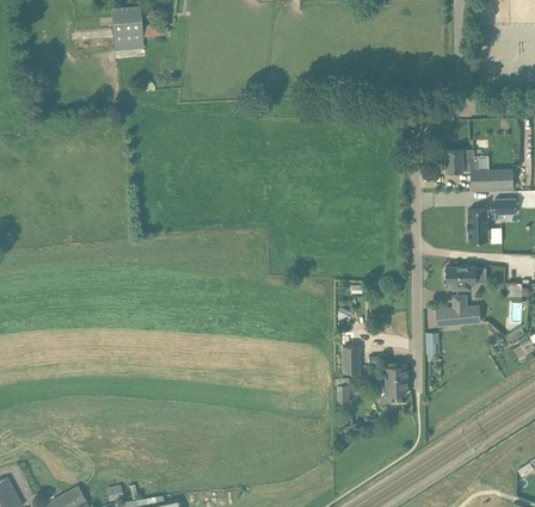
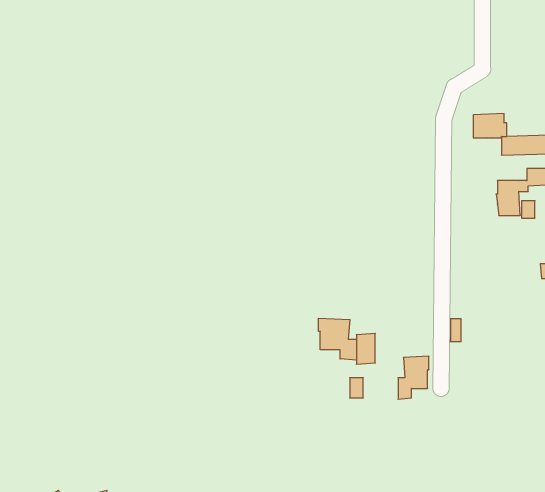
building: [445,266,486,290] -> none
building: [436,296,480,326] -> none
building: none -> [319,318,356,360]

